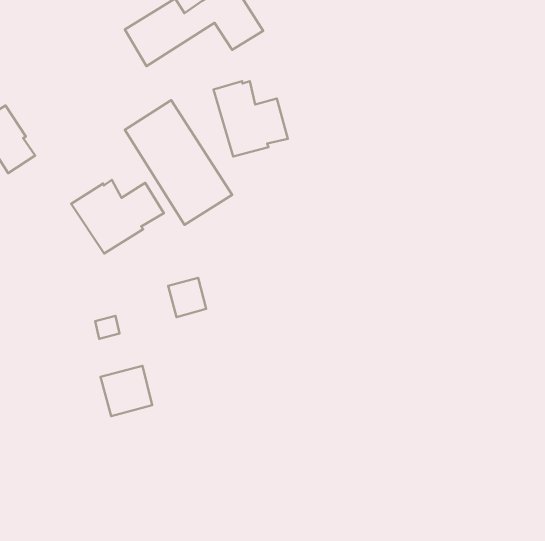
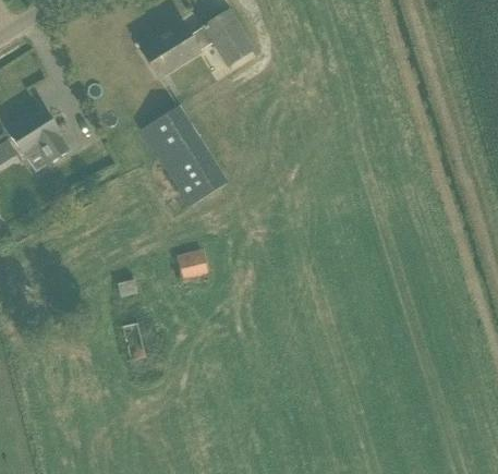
building: [213,81,288,156] -> none
building: [71,180,164,254] -> none

